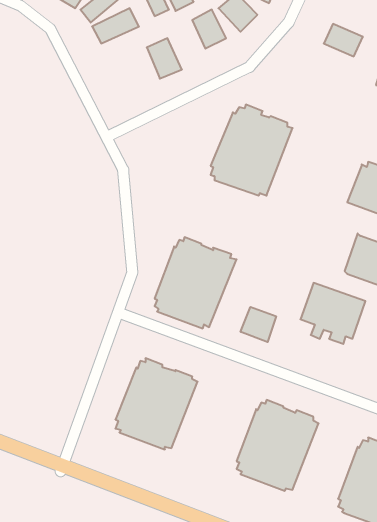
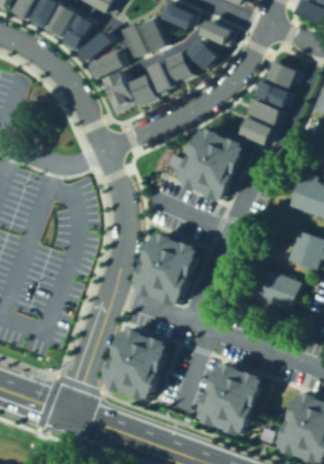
building: none -> [146,60,174,96]
building: none -> [101,71,134,114]
building: none -> [258,83,291,108]
building: none -> [251,101,282,124]
building: none -> [242,119,275,146]
building: [241,307,276,342] -> none

